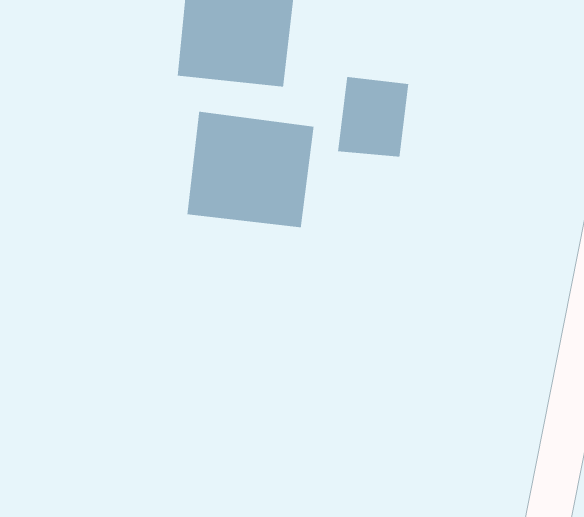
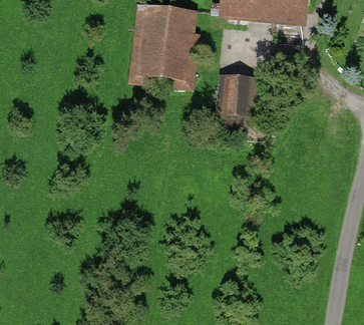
building: [187,111,314,228] -> none

